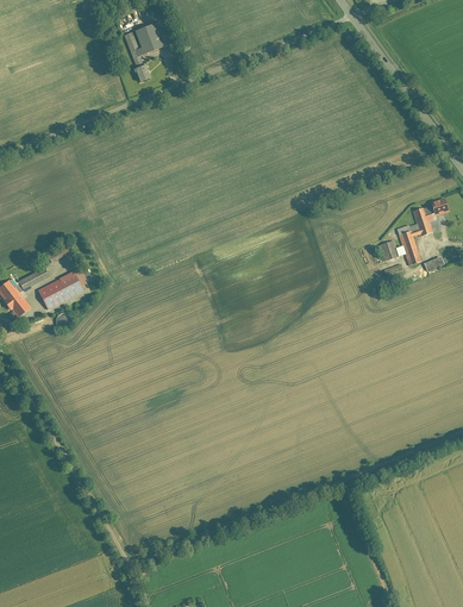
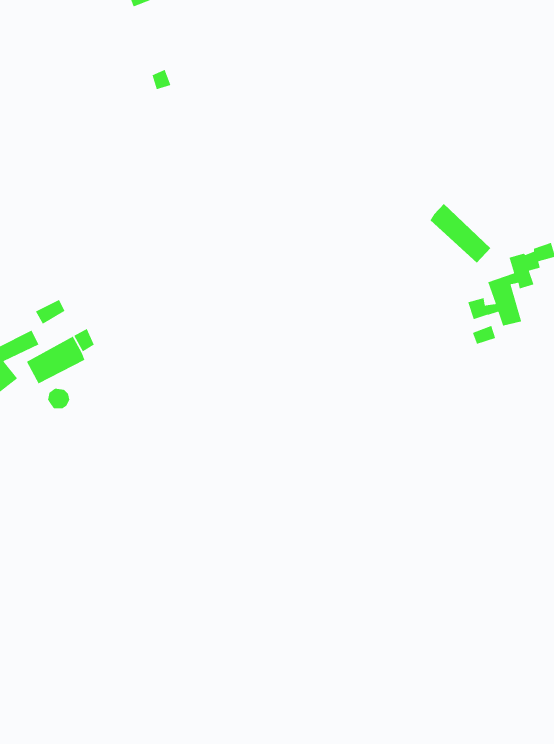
building: [123,20,168,65] -> none
building: none -> [430,203,491,263]

